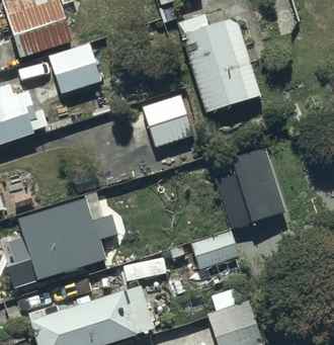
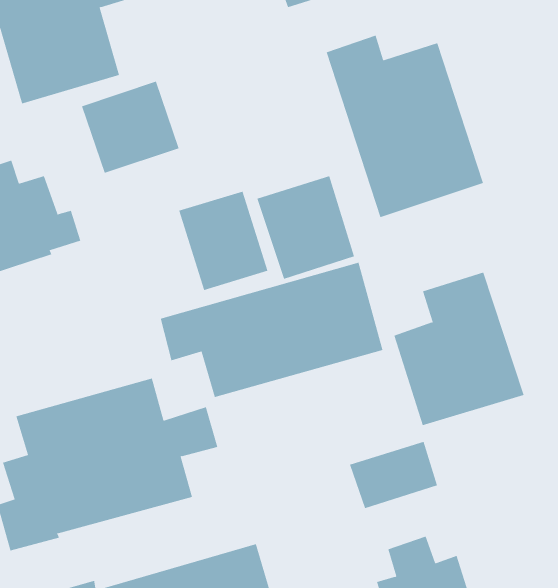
building: none -> [178,191,268,291]
building: none -> [160,262,383,398]

